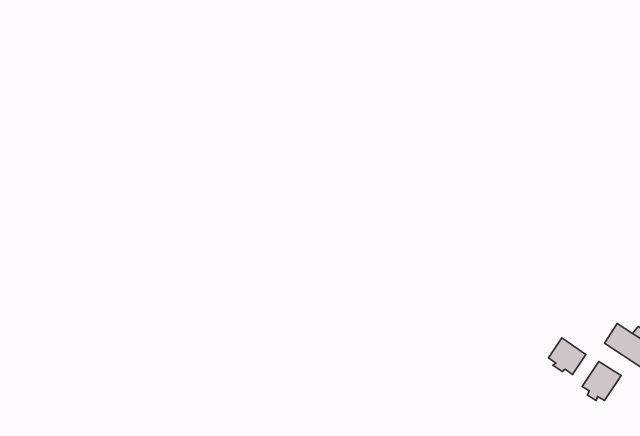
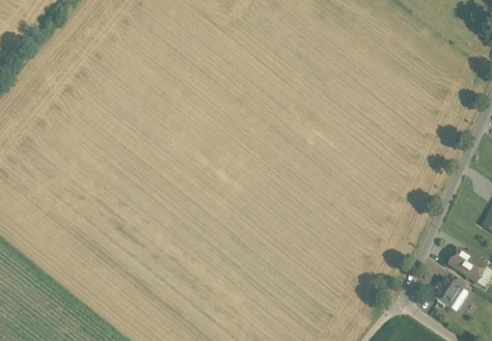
building: [549,338,586,375] -> none

